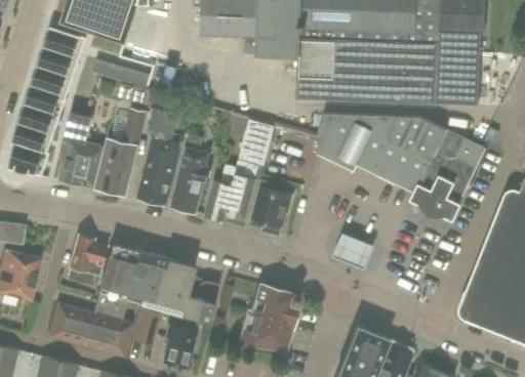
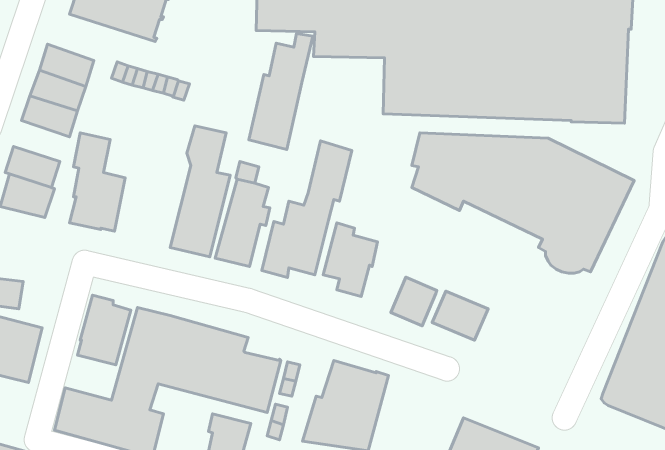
building: [44,27,86,58] -> none
building: [18,103,60,134] -> none
building: [96,109,145,196] -> [249,34,313,149]
building: none -> [391,277,437,326]
building: [131,307,158,345] -> none

